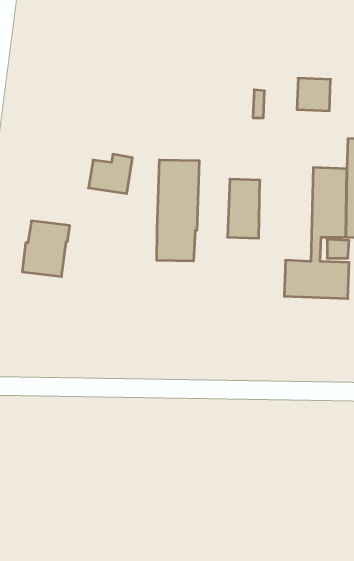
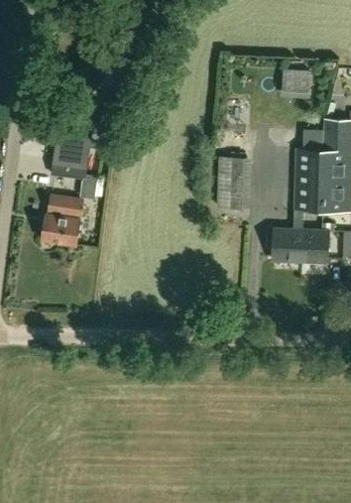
building: [88,154,132,194] -> [50,143,89,177]
building: [157,160,199,261] -> none

